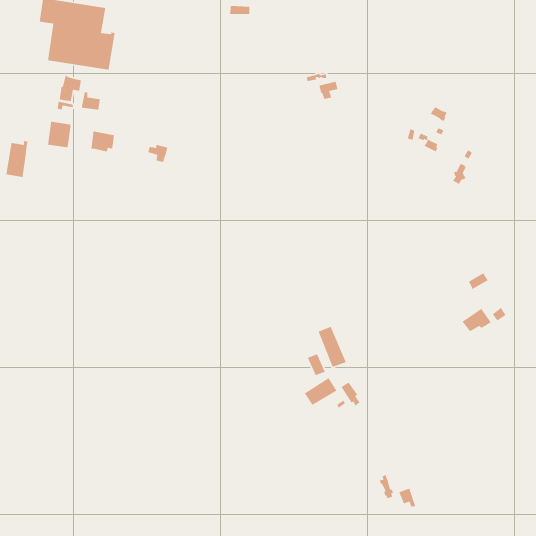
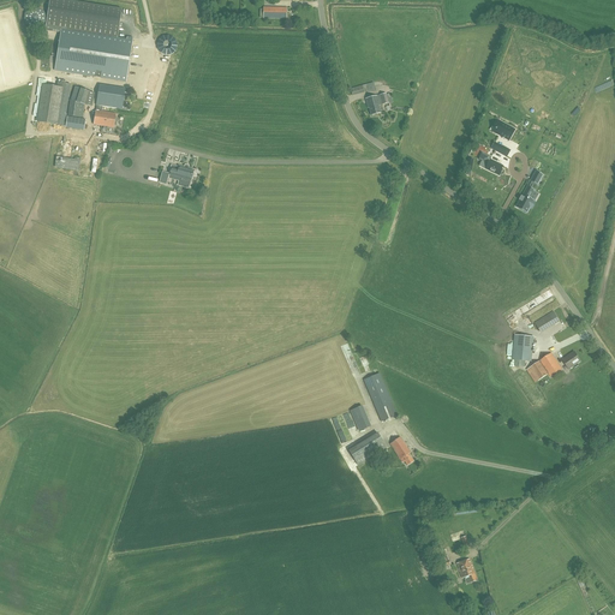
building: [91,131,115,153] -> [96,83,124,108]
building: [5,140,29,178] -> [36,80,62,124]
building: none -> [510,334,533,366]

